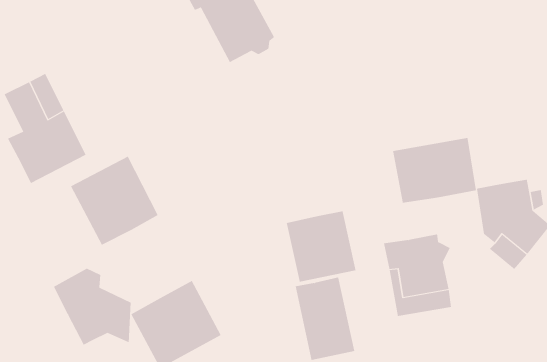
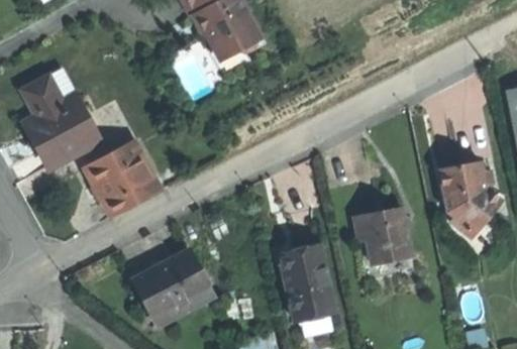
building: [392,137,477,203] -> none
building: [286,211,356,282] -> none
building: [53,268,131,346] -> none

